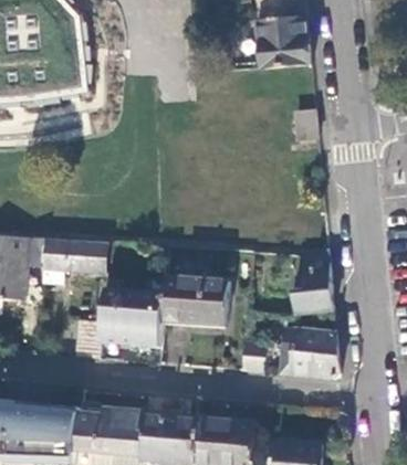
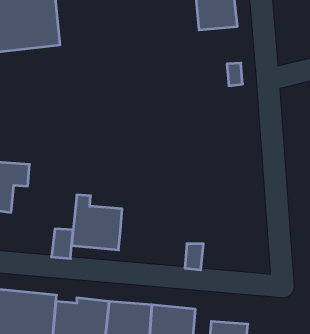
building: [42,237,107,281] -> none
building: [294,247,332,313] -> none
building: [160,275,226,325] -> none
building: [280,328,337,378] -> none

